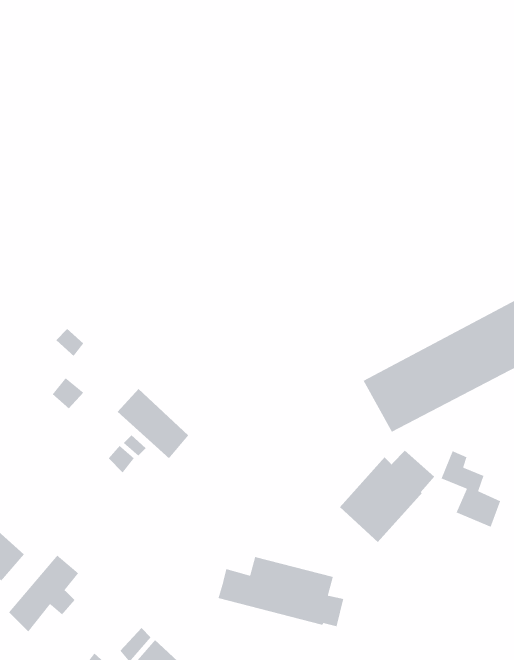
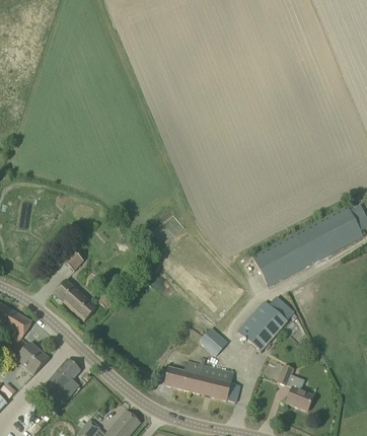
building: [117,388,189,459] -> [54,279,97,321]
building: [440,450,501,528] -> [278,364,314,411]
building: none -> [199,326,228,356]

